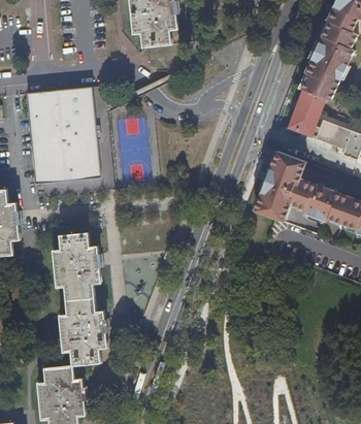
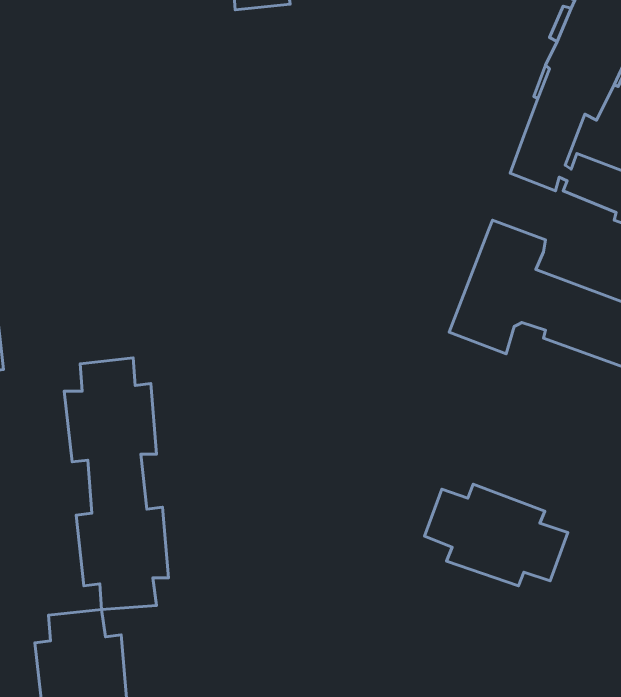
building: [26,81,120,188] -> none
building: none -> [424,484,568,586]

